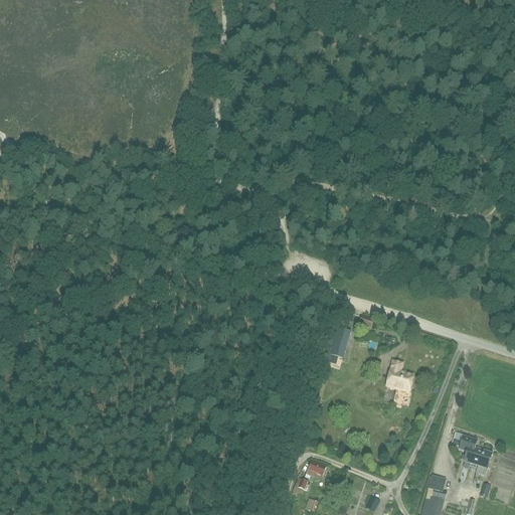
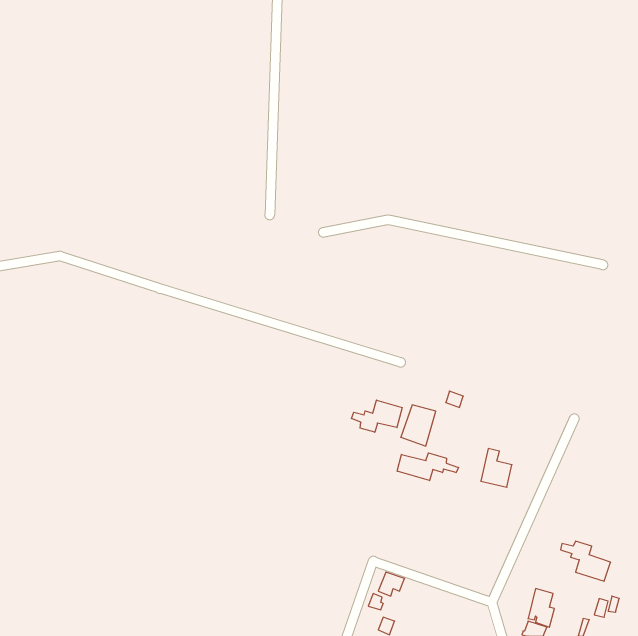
building: none -> [351,400,402,432]
building: none -> [397,453,458,481]

